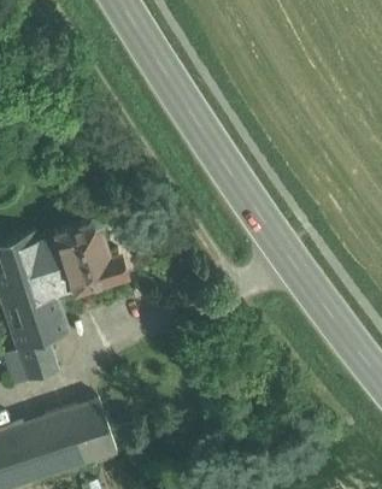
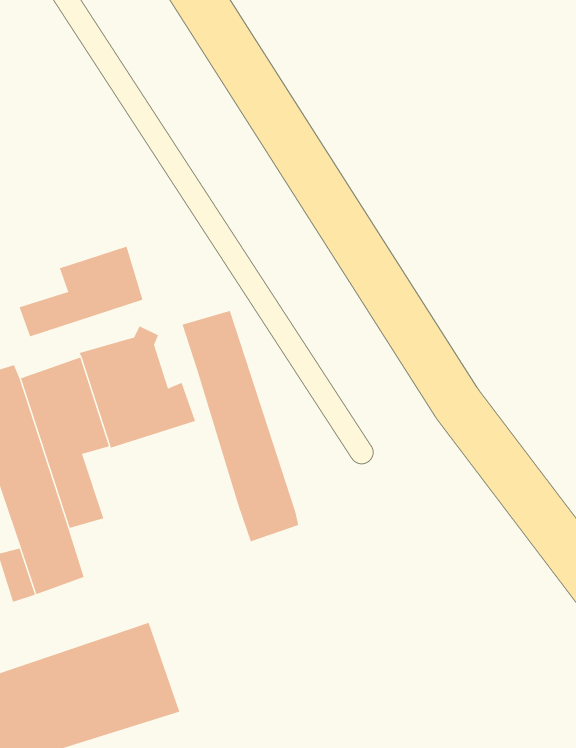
building: none -> [19,246,143,337]
building: none -> [182,310,299,542]

